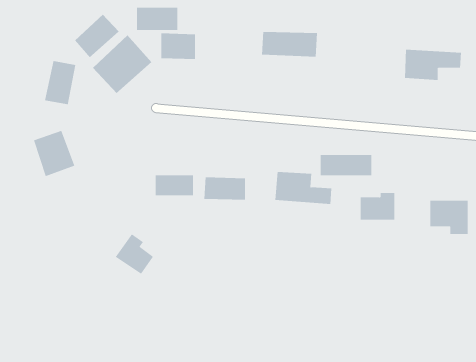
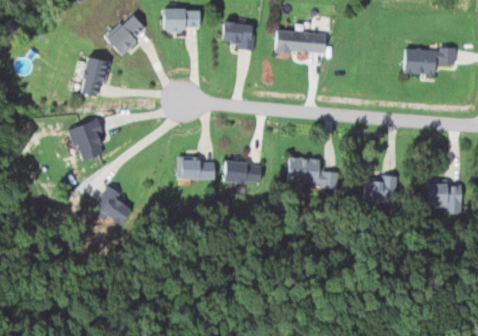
building: [160,33,196,60] -> [222,23,254,47]
building: [92,34,152,94] -> none
building: [320,154,372,176] -> none
building: [115,233,154,274] -> [95,187,130,224]

